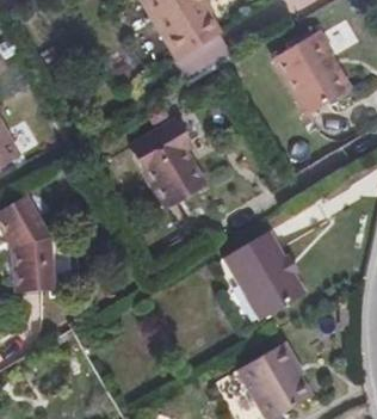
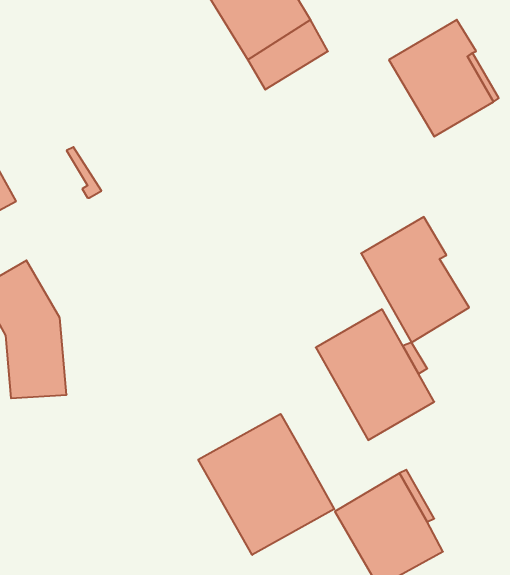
building: [131,119,205,205] -> [361,217,469,342]
building: none -> [198,414,334,555]

